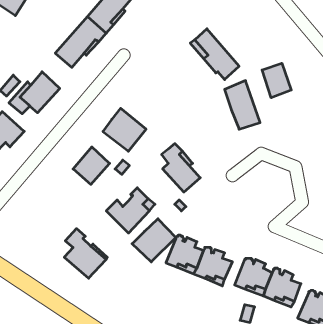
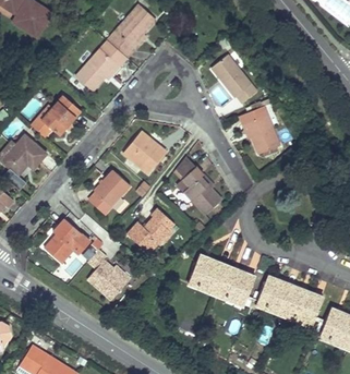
building: [262,63,291,98] -> none
building: none -> [41,217,87,262]
building: [132,219,176,262] -> none

